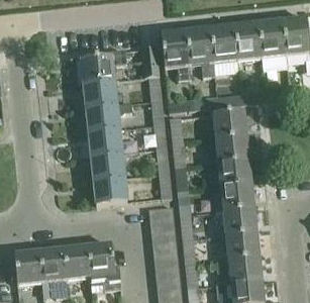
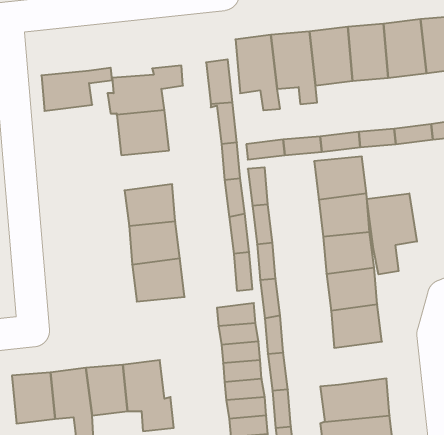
building: [86,103,132,131] -> [41,68,112,111]
building: none -> [367,193,417,274]
building: [225,230,260,259] -> none

